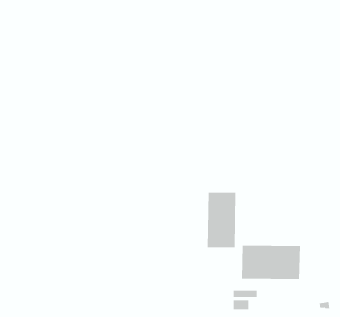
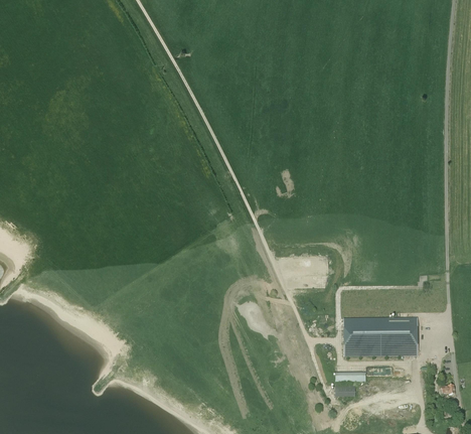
building: [207,192,236,248] -> none

